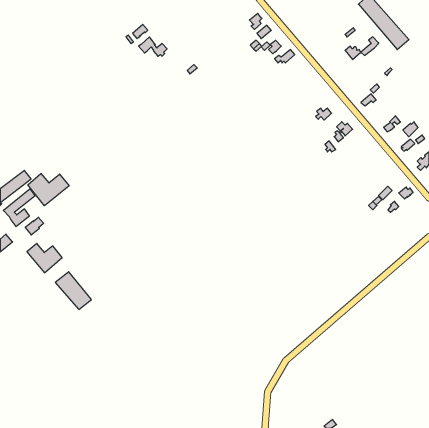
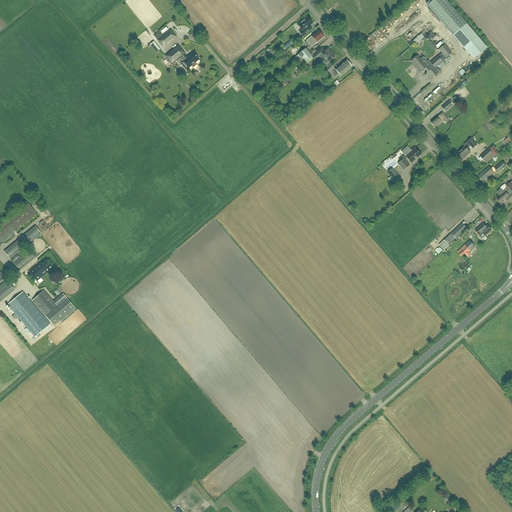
building: [28,174,69,206] -> none
building: [55,272,91,309] -> [7,291,50,336]

